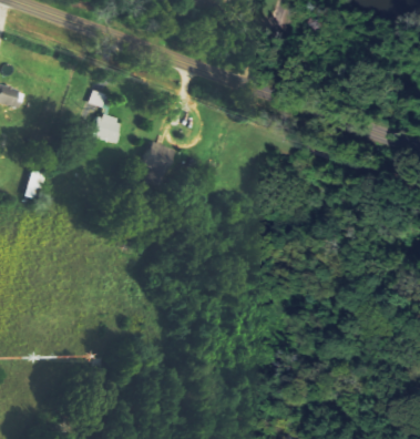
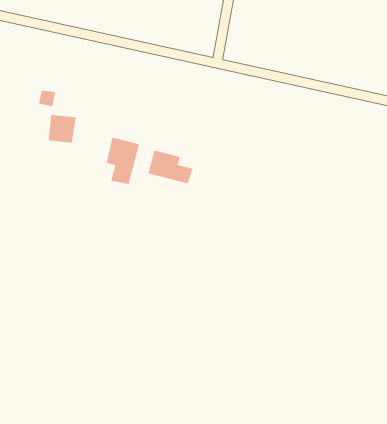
building: none -> [148,149,193,184]

